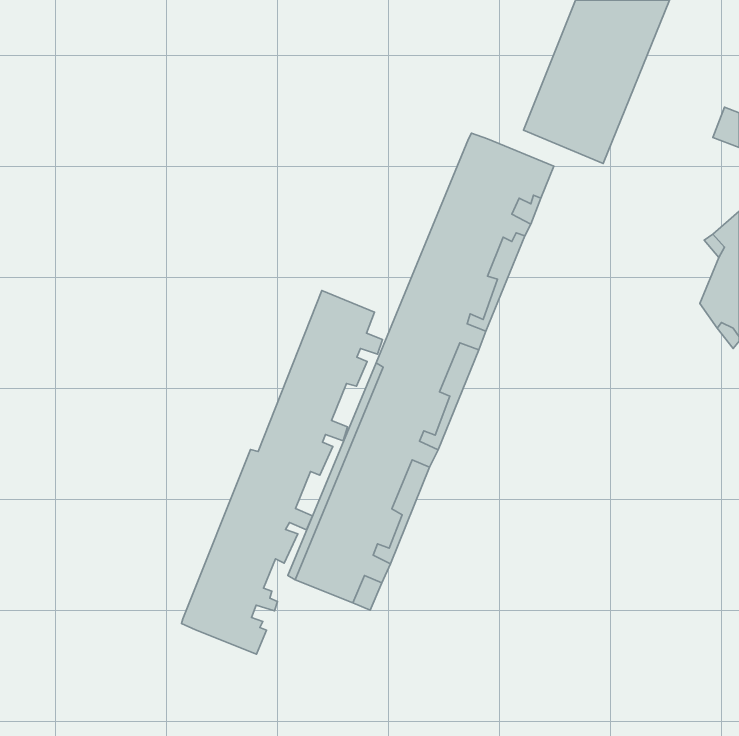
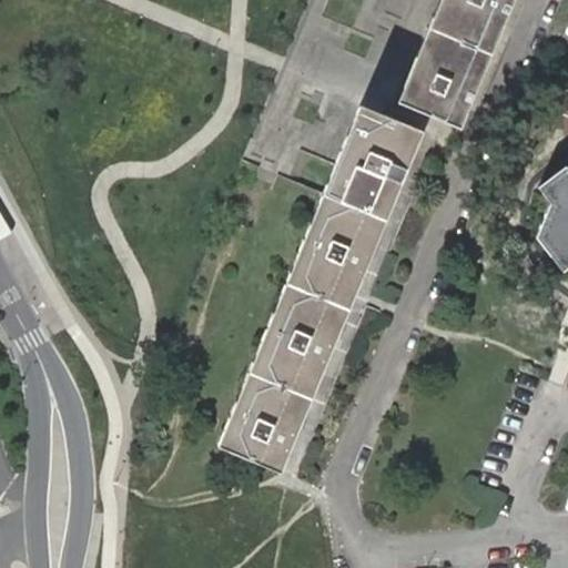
building: [182,291,382,654] -> none

